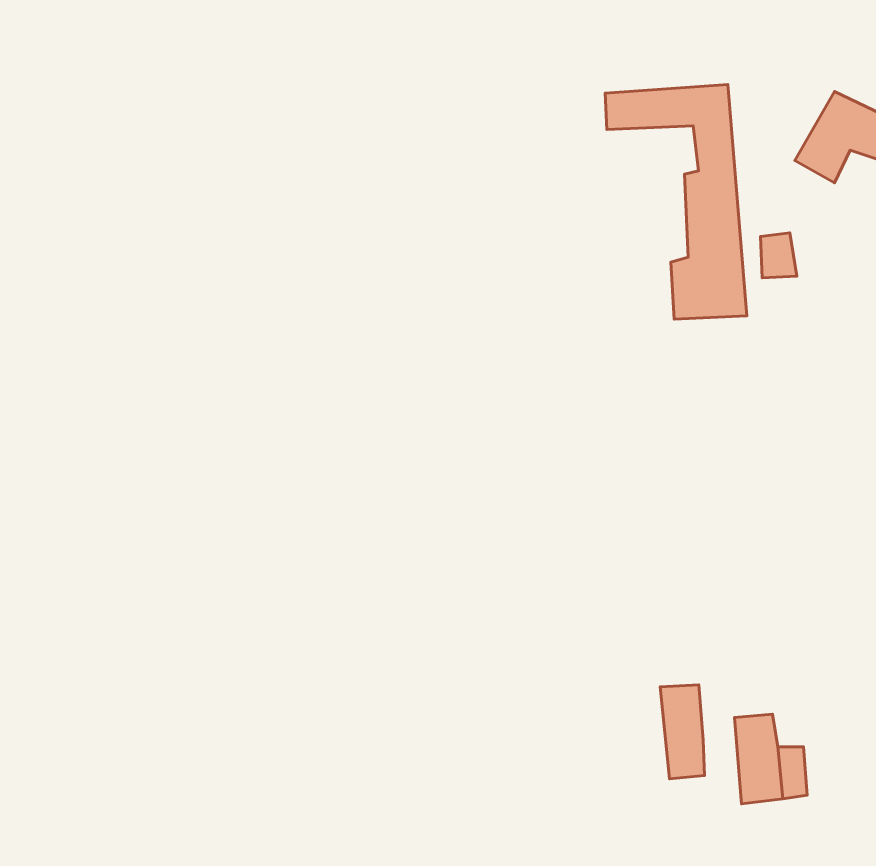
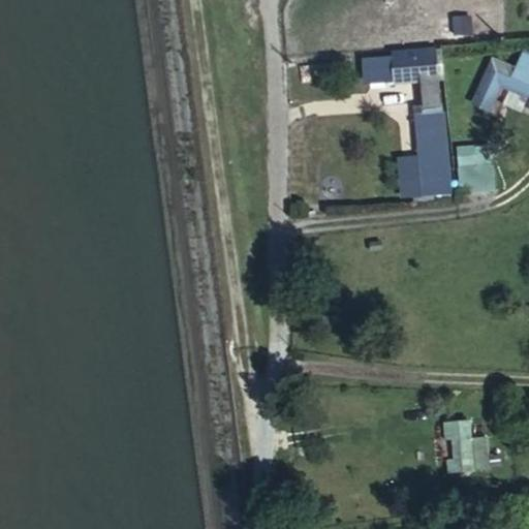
building: [660,685,705,779] -> none

